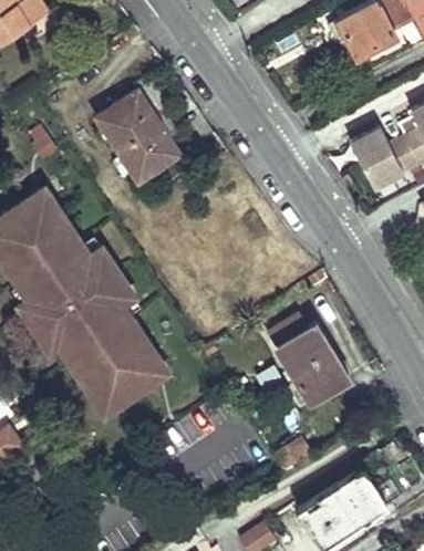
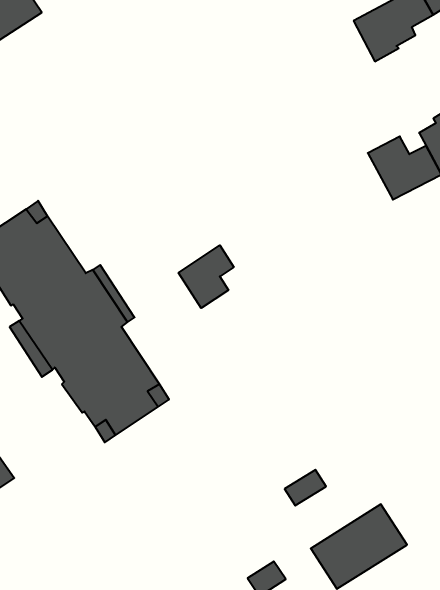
building: [99,93,180,183] -> none
building: none -> [179,245,234,308]
building: [260,303,349,404] -> none

